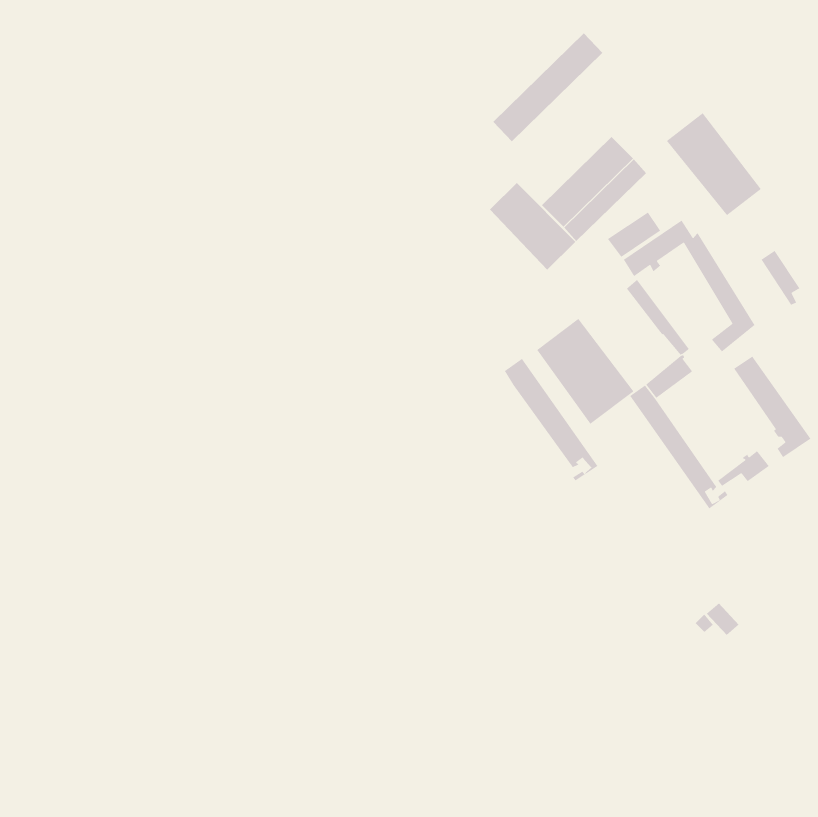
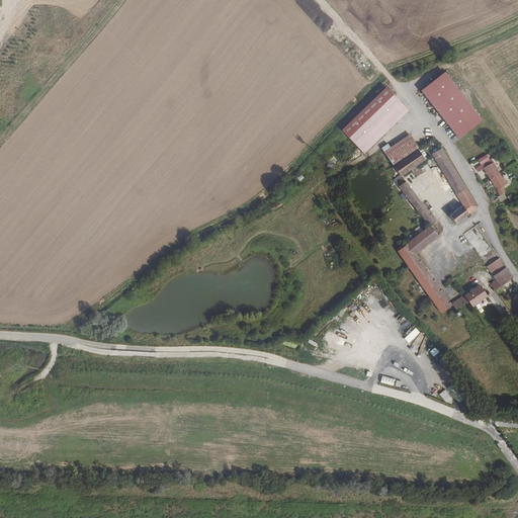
building: [493,32,603,142] -> none
building: [489,182,576,271] -> none
building: [536,318,635,425] -> none
building: [504,358,598,481] -> none

